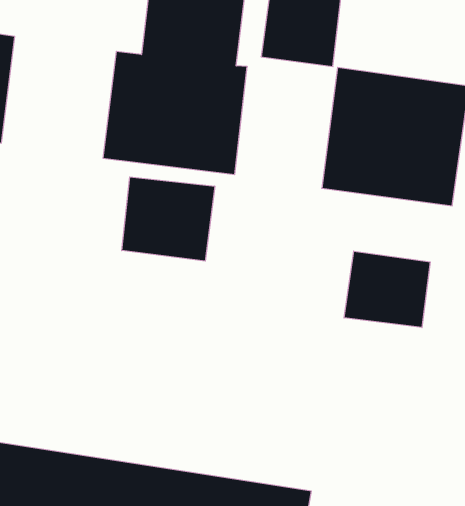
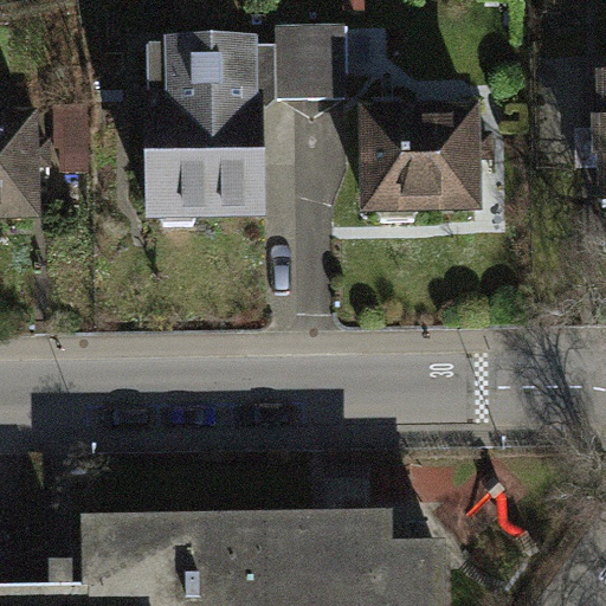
building: [122,177,215,261] -> none
building: [344,251,430,328] -> none

